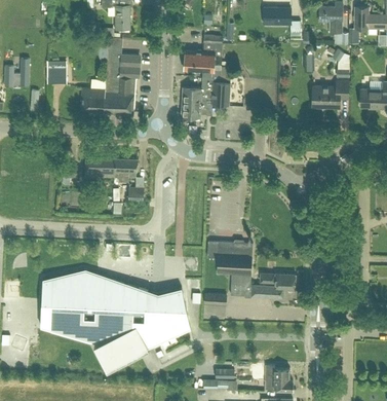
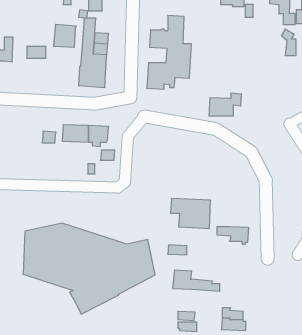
building: [312,82,349,108] -> [209,93,242,116]
building: [80,88,106,114] -> [54,24,76,47]
building: [230,275,283,298] -> [173,270,220,291]

